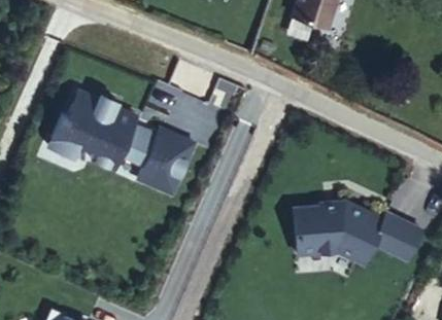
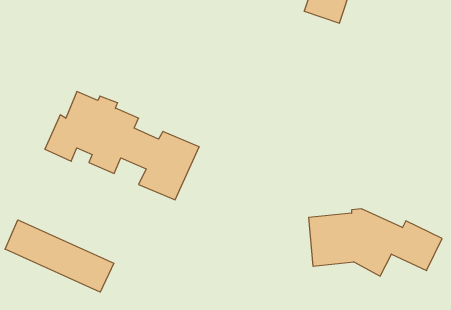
building: none -> [5,220,114,292]

